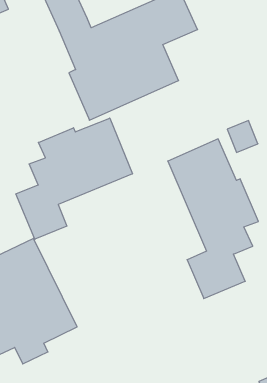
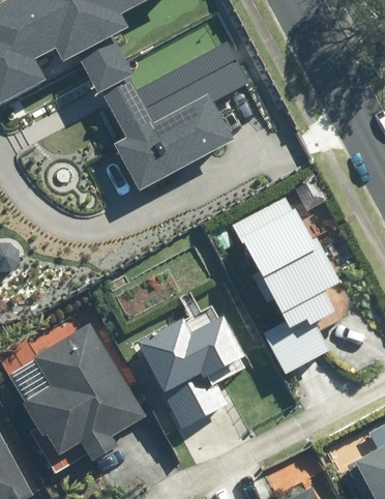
building: [16,118,132,239] -> none
building: none -> [137,318,247,430]

